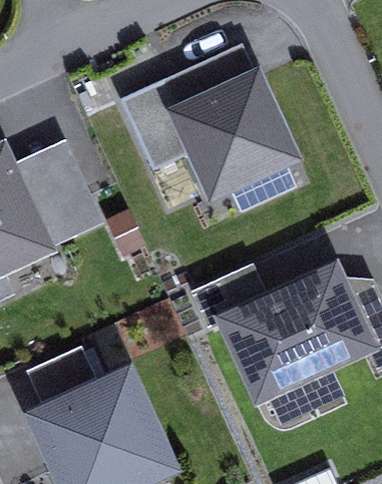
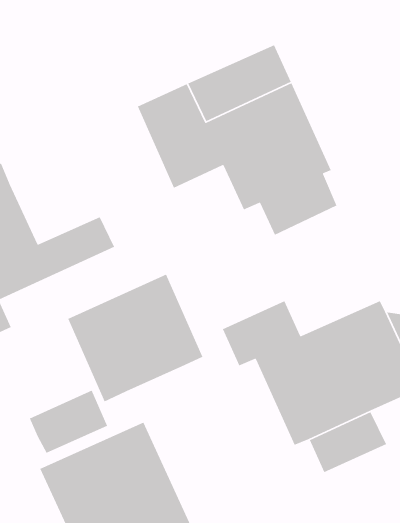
building: [10,142,88,218] -> none
building: none -> [67,274,204,402]

